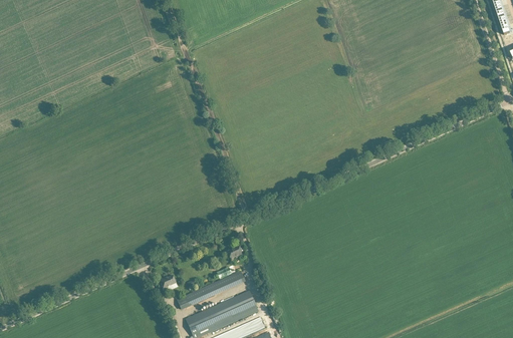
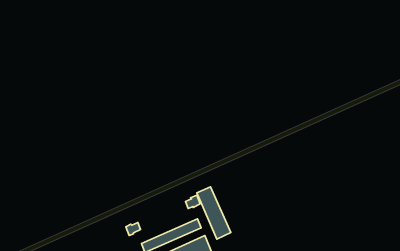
building: none -> [197,187,231,239]

